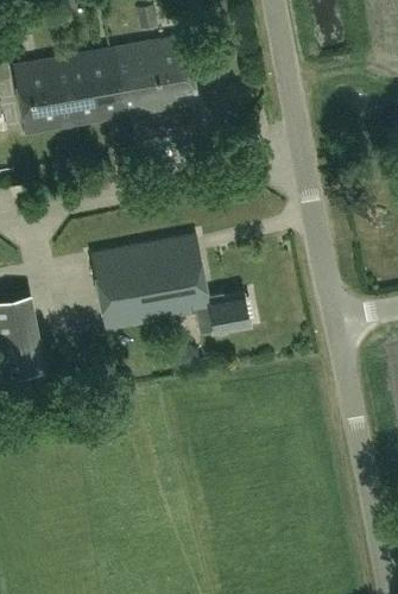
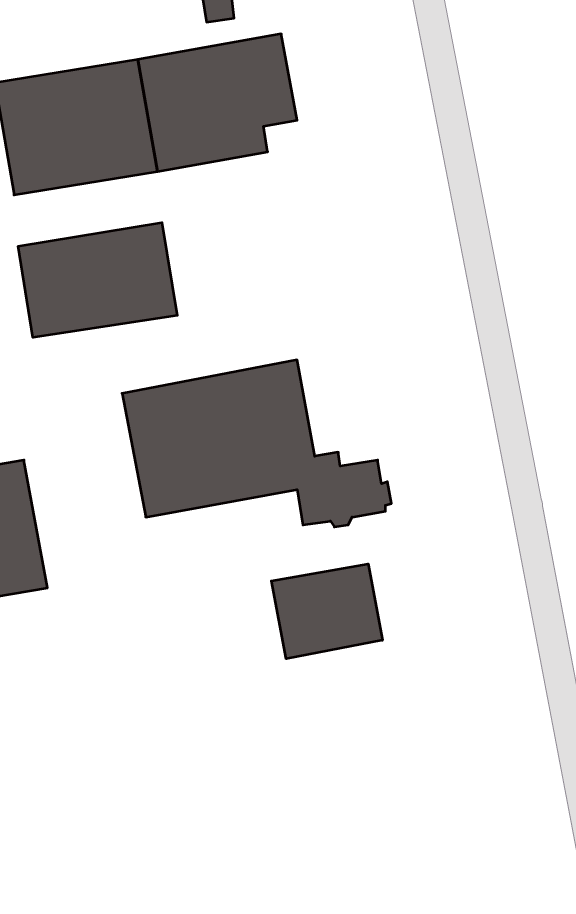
building: none -> [18,223,177,337]
building: none -> [271,564,382,659]

